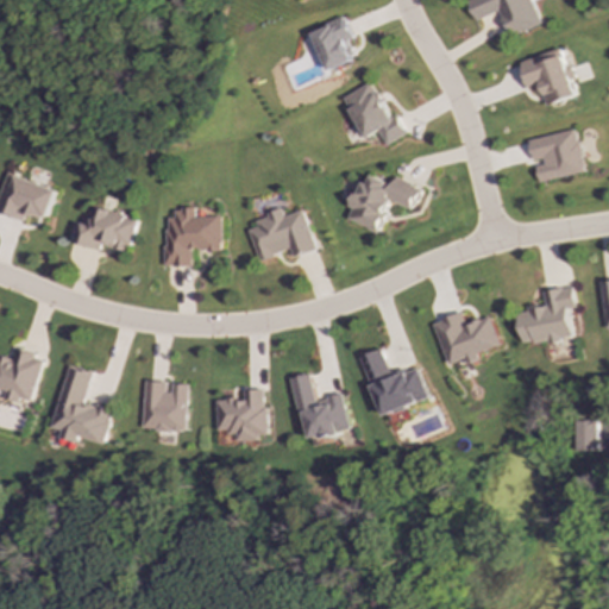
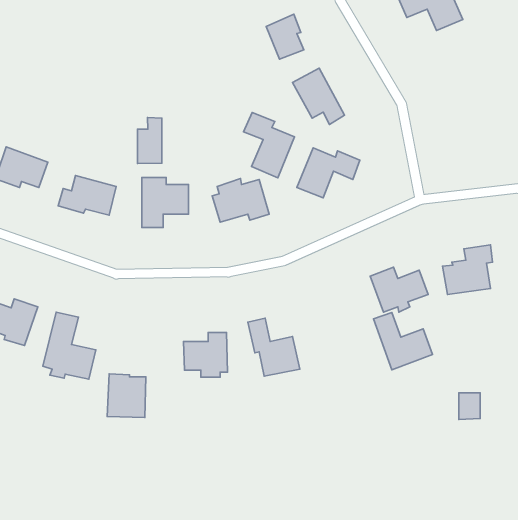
building: [517,48,576,106] -> none
building: [527,128,584,181] -> none
building: none -> [244,112,295,178]
building: none -> [138,118,162,163]
building: [359,349,428,415] -> [373,313,433,370]
building: [140,379,186,431] -> [107,374,146,418]
building: [572,420,597,451] -> [459,393,480,419]

